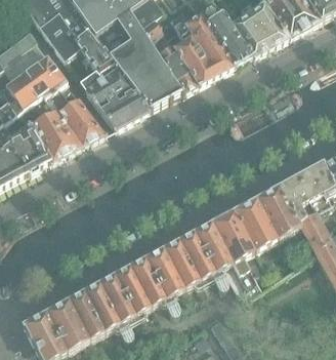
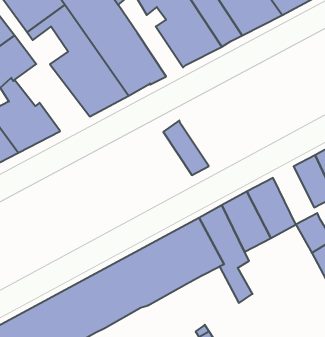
building: [159,43,200,92] -> [163,120,209,175]
building: [48,81,107,142] -> none
building: [281,173,321,226] -> none

